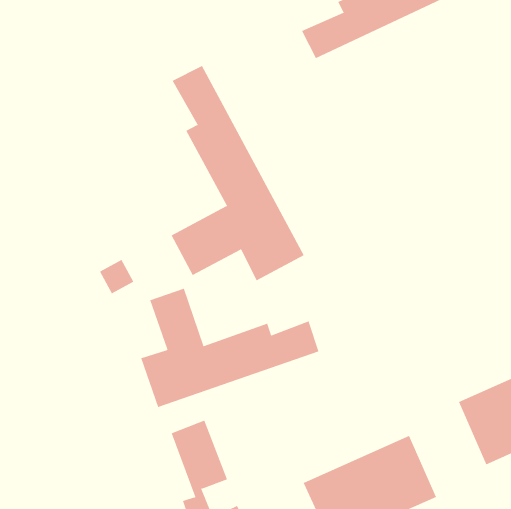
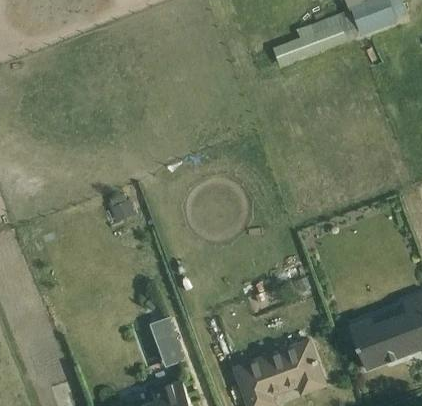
building: [171,65,305,281] -> none
building: [140,288,319,408] -> none

